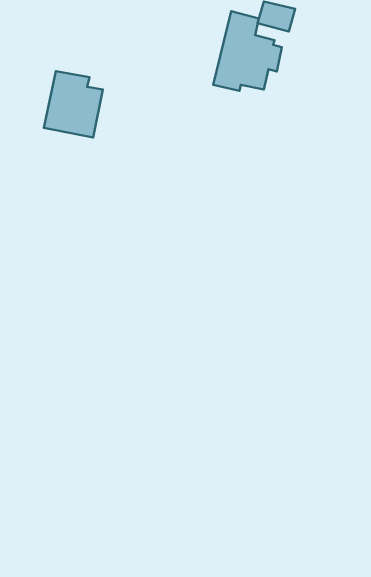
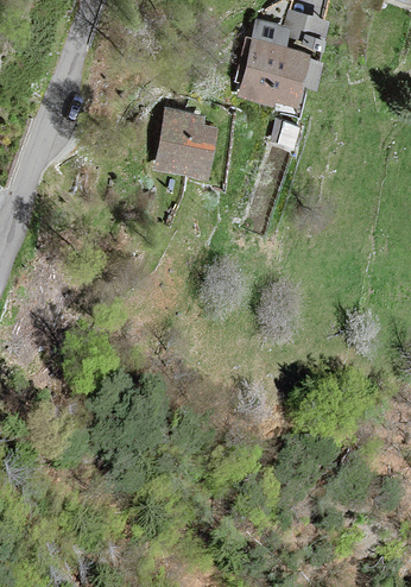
building: [44,71,103,138] -> [156,112,214,177]

